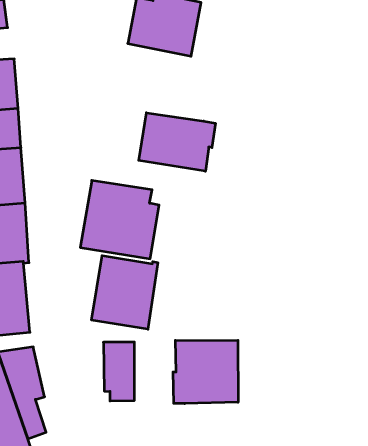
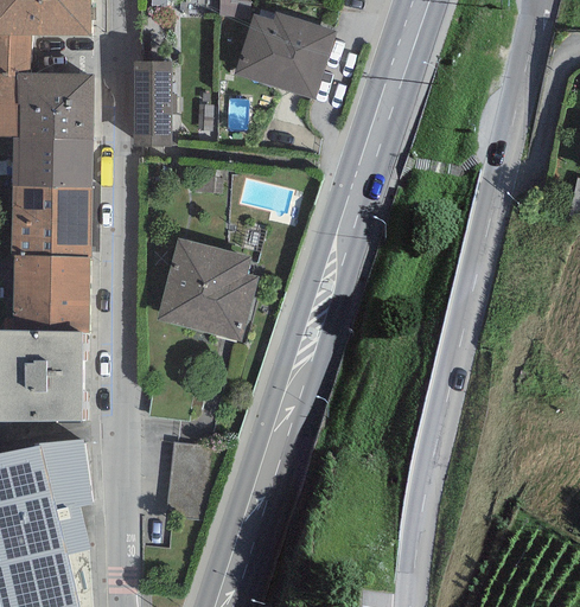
building: none -> [139,55,177,140]
building: [139,113,215,171] -> none
building: [92,256,158,329] -> none
building: [173,340,238,404] -> none

